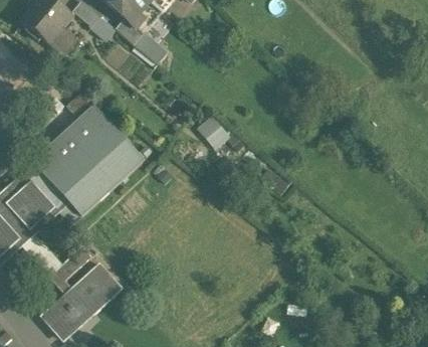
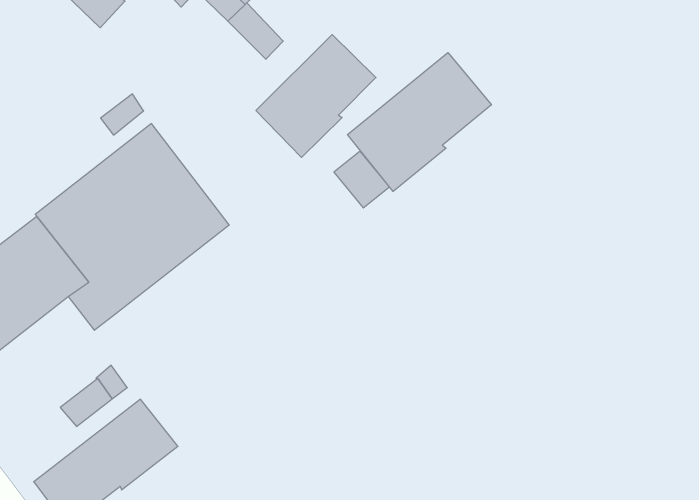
building: none -> [256,35,376,157]
building: none -> [348,53,491,191]

